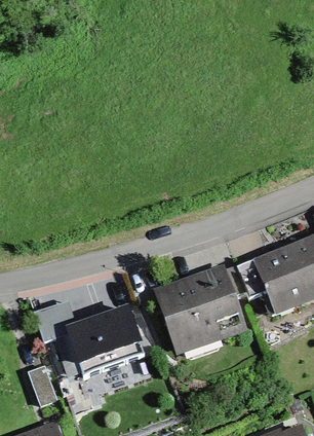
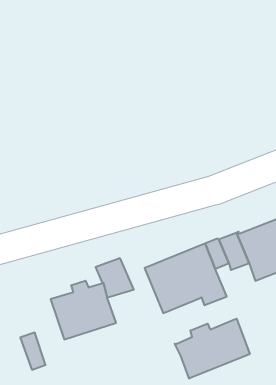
building: none -> [175,319,250,379]

